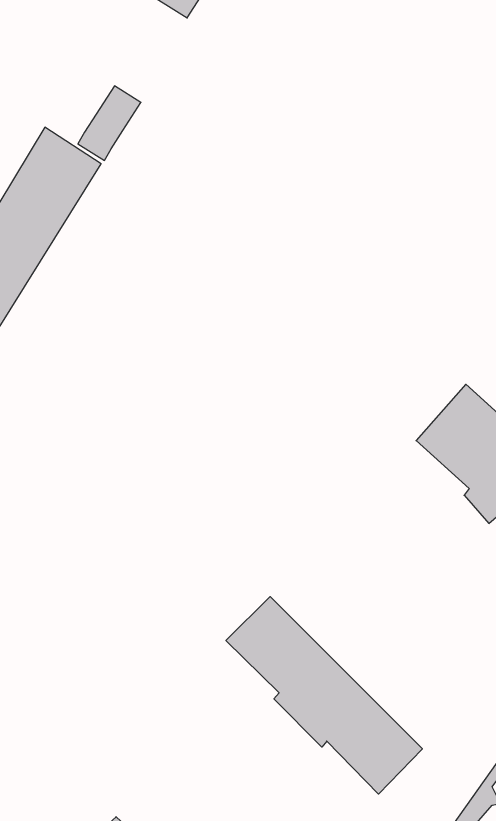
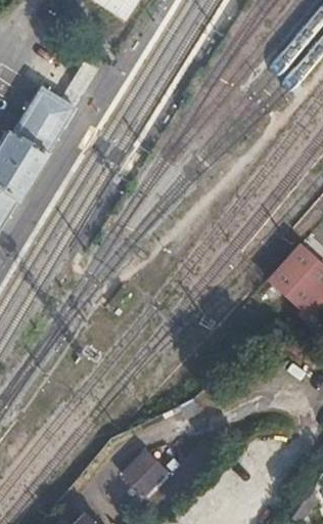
building: [226,597,422,794] -> none
building: none -> [123,449,167,494]

